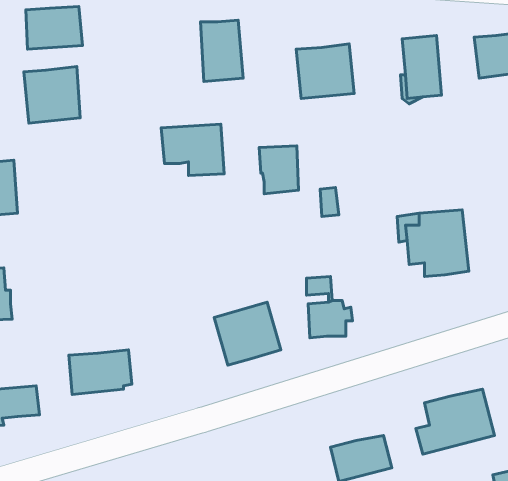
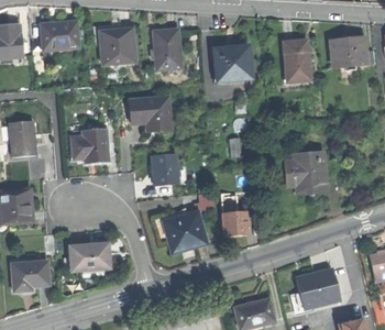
building: [24,67,80,123] -> [98,29,134,65]
building: [259,146,299,194] -> [150,155,175,186]
building: none -> [70,130,106,163]

